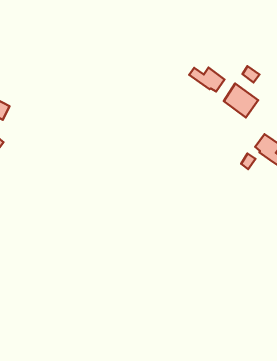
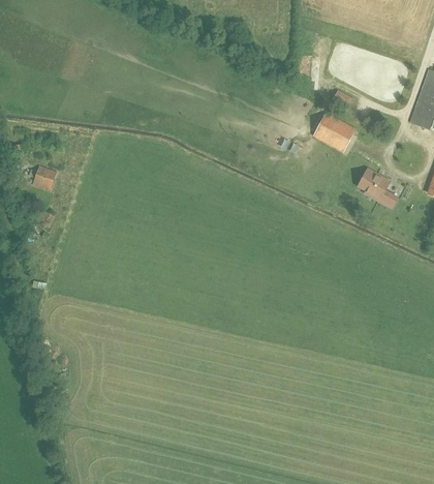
building: [189,68,225,92] -> none

